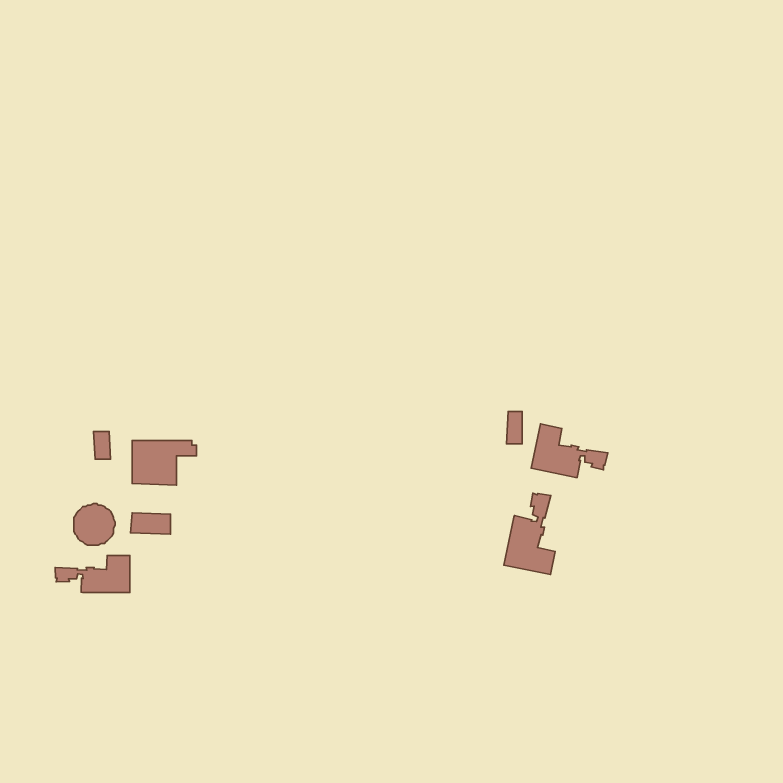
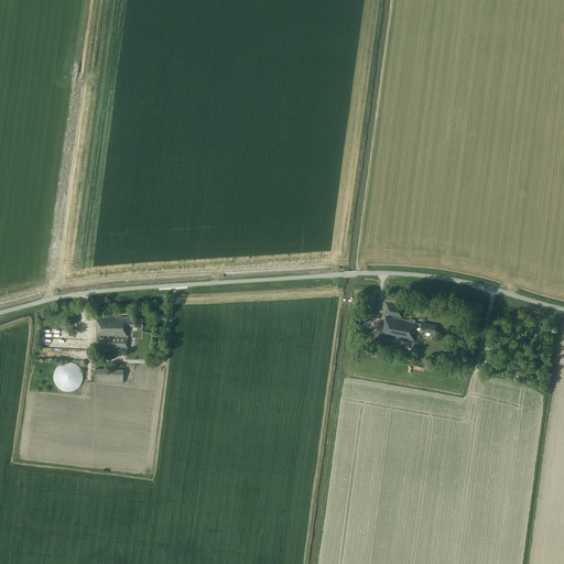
building: [504,493,555,575] -> none
building: [55,555,130,593] -> none

